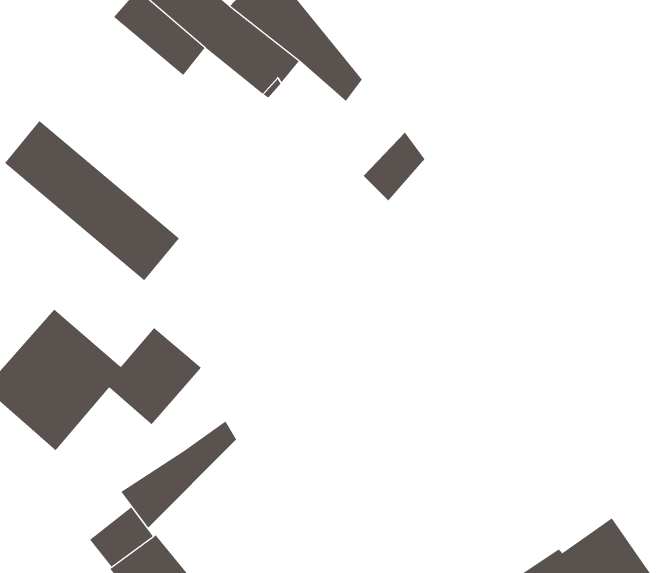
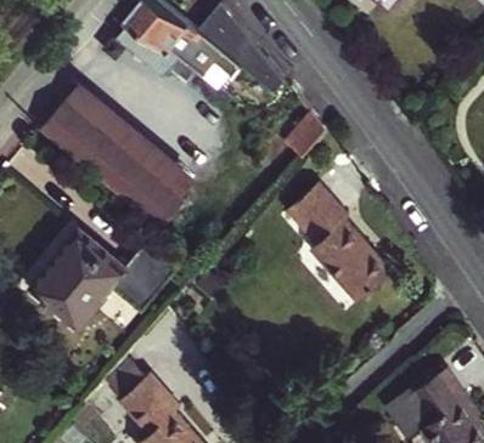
building: none -> [71,86,198,227]
building: none -> [289,189,393,306]
building: [120,420,237,529] -> none

